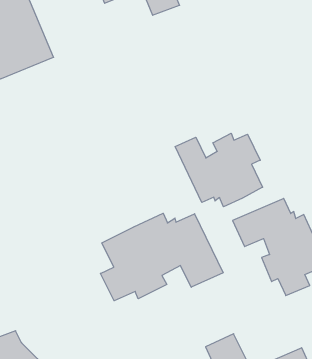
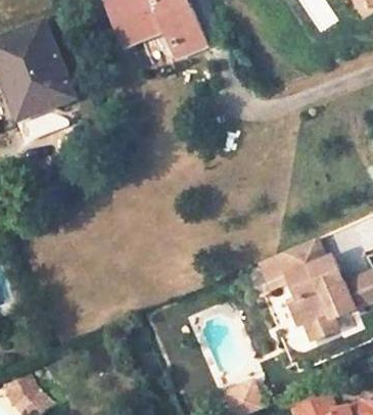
building: [175,133,263,207] -> none
building: [100,213,223,301] -> none

